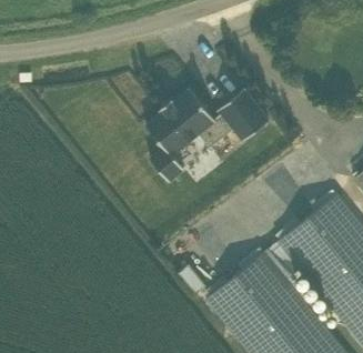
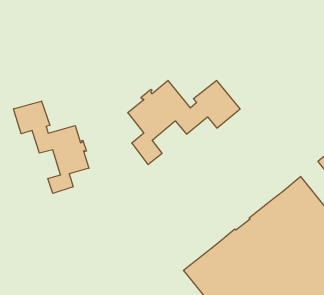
building: none -> [14,101,89,193]

